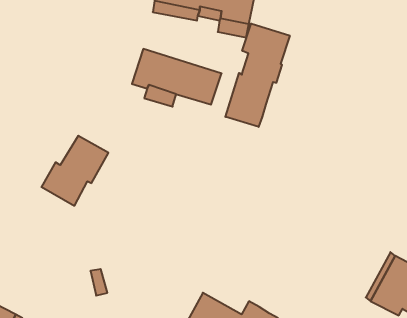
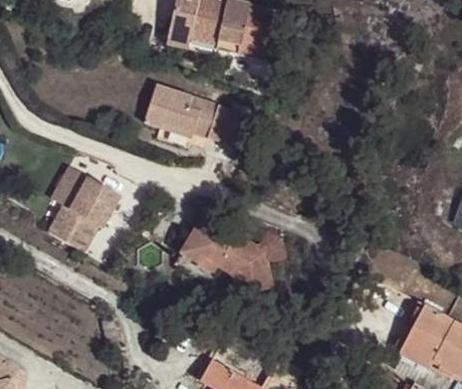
building: [225,23,290,127] -> none
building: none -> [50,166,87,208]
building: none -> [180,213,285,294]

